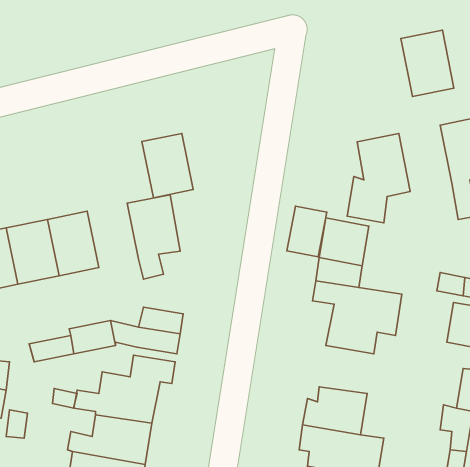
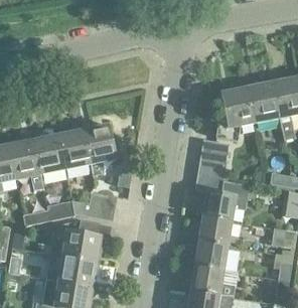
building: [401,30,454,96] -> [247,83,279,123]
building: [142,133,193,198] -> [57,130,89,169]
building: [287,206,327,257] -> none
building: none -> [198,216,232,246]

